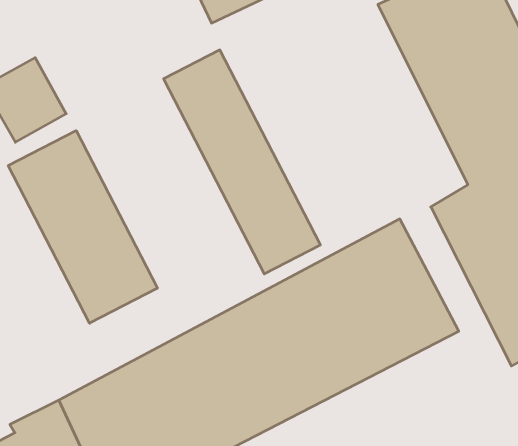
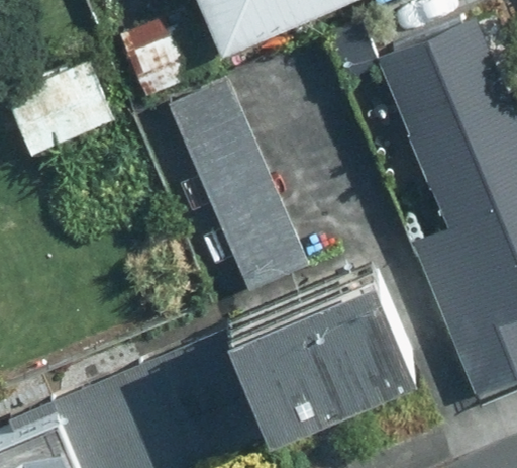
building: [8,131,157,323] -> none

